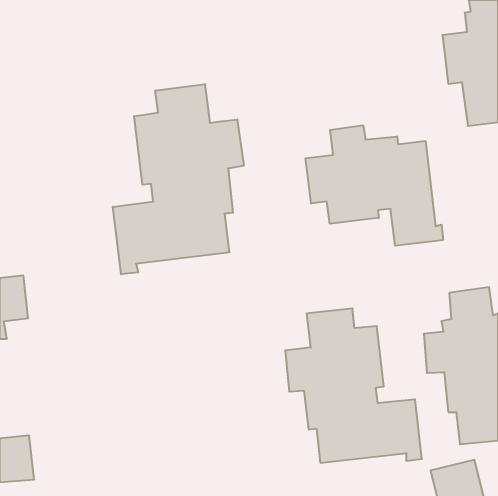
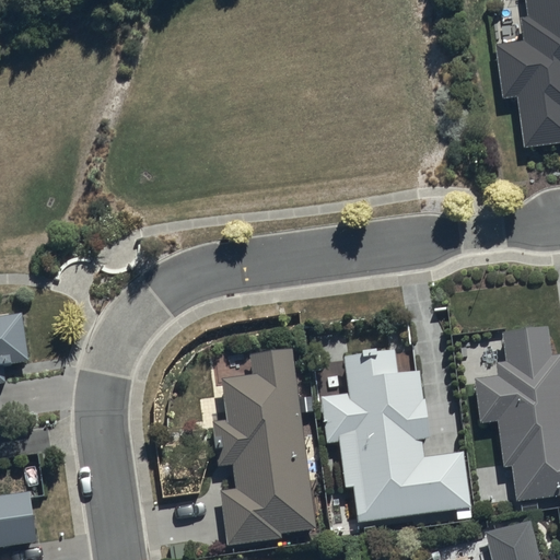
building: [113,84,244,274] -> none
building: [306,125,443,246] -> none
building: none -> [212,348,314,542]

